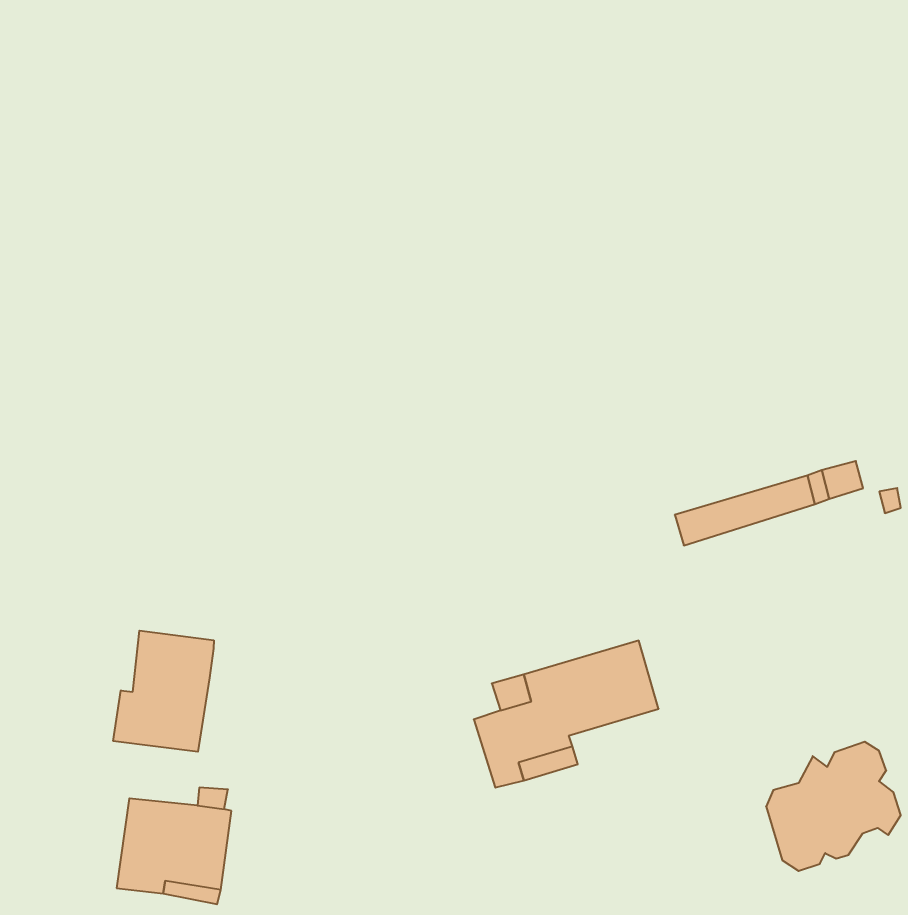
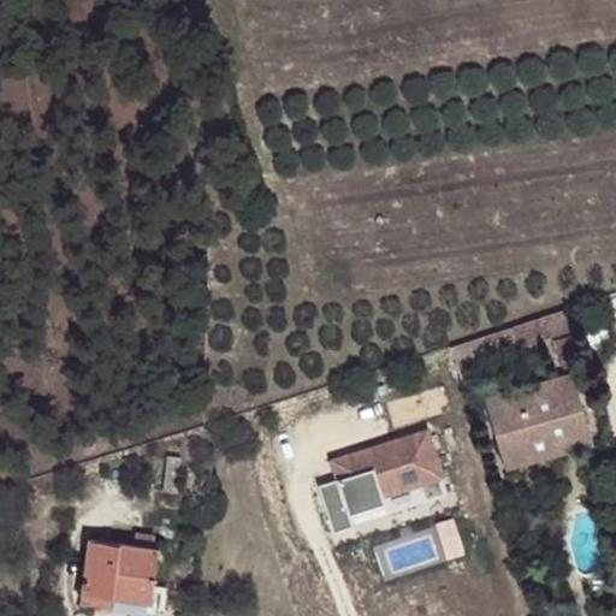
building: [113,631,214,752] -> none
building: [766,742,901,871] -> [499,385,590,472]

